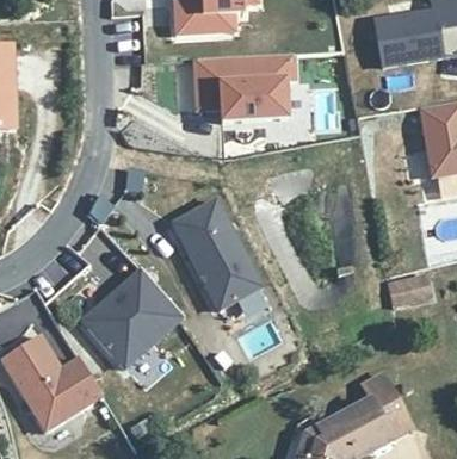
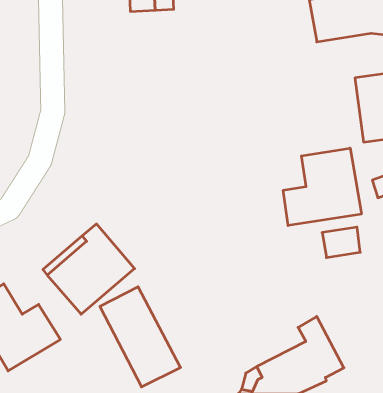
building: [197,50,297,118] -> none
building: none -> [283,148,361,226]
building: [173,199,261,309] -> [100,287,181,387]

